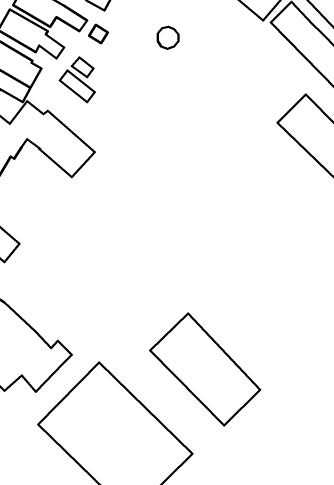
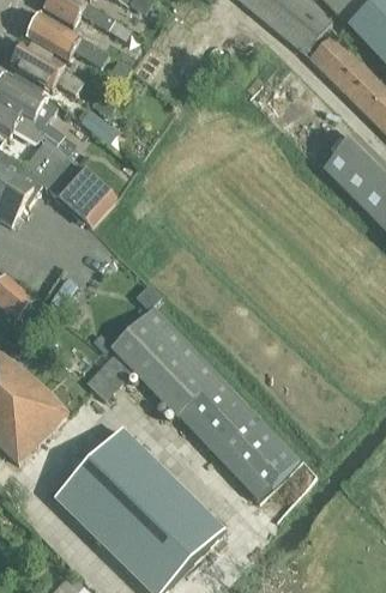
building: none -> [86,304,219,415]

